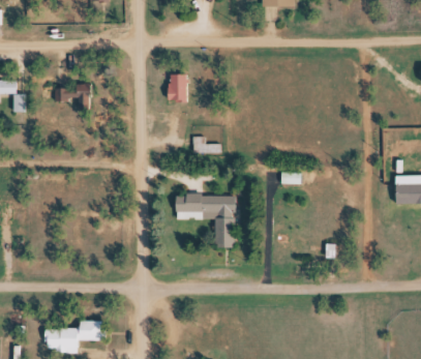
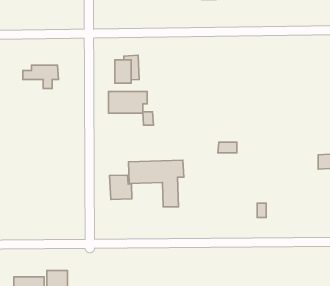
building: none -> [109,92,147,113]
building: none -> [110,175,132,199]

